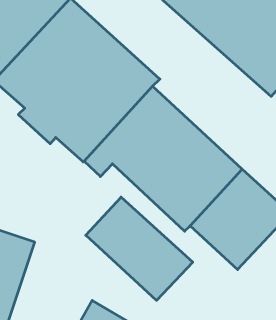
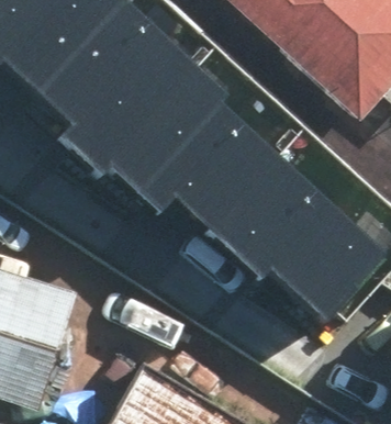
building: [86,197,193,300] -> none

